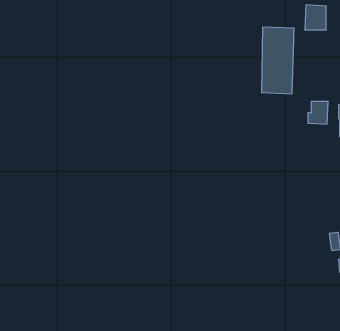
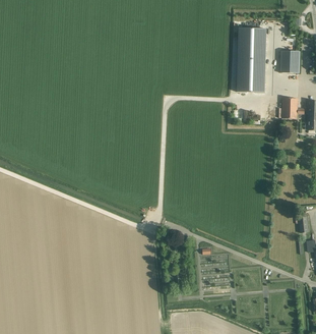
building: [305,5,326,30] -> [279,50,299,72]

